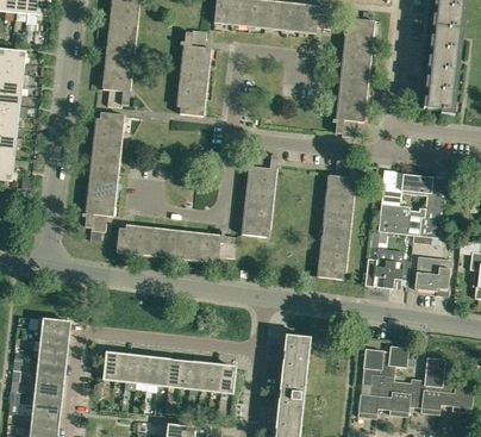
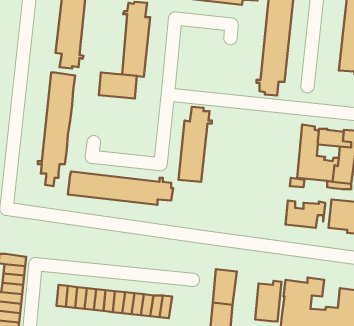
building: none -> [99,73,137,98]
building: [317,160,360,279] -> none
building: none -> [255,281,281,321]

